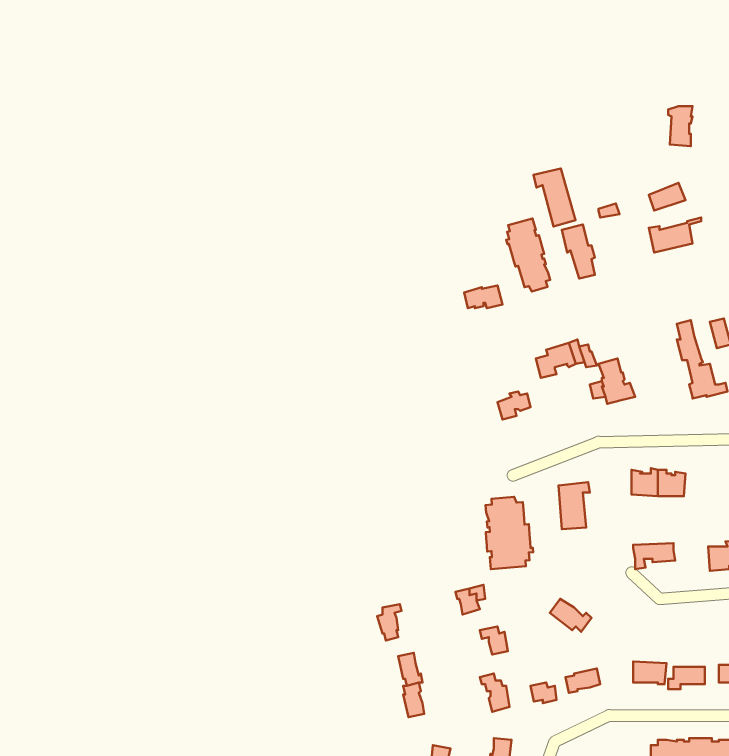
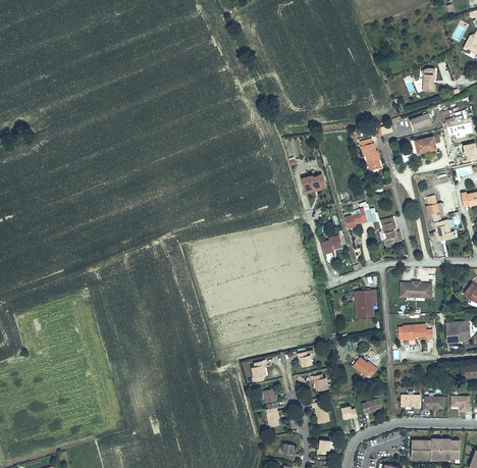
building: [534,168,576,227] -> none
building: [506,218,550,291] -> none
building: [486,497,533,569] -> none

